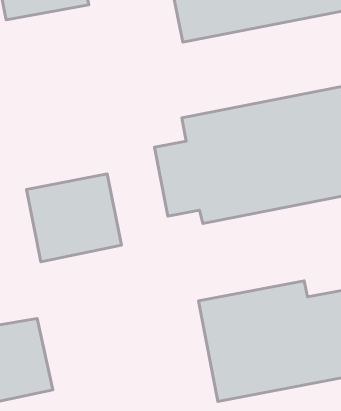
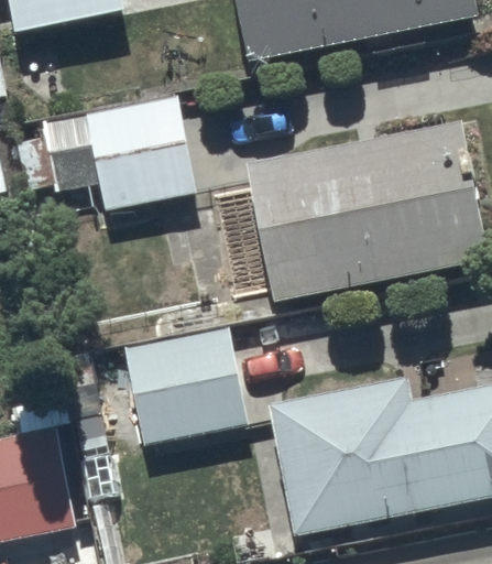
building: none -> [20,93,197,214]
building: [27,174,121,262] -> [124,326,250,443]

